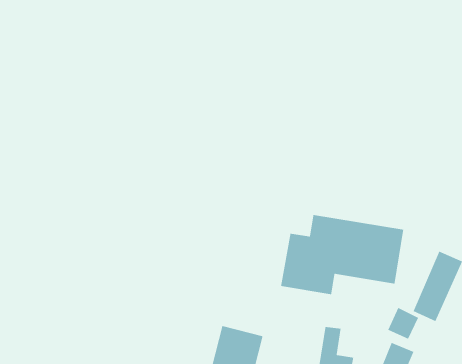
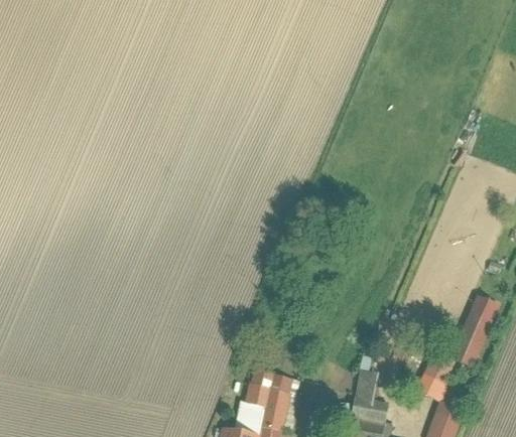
building: [280,214,404,295] -> none

